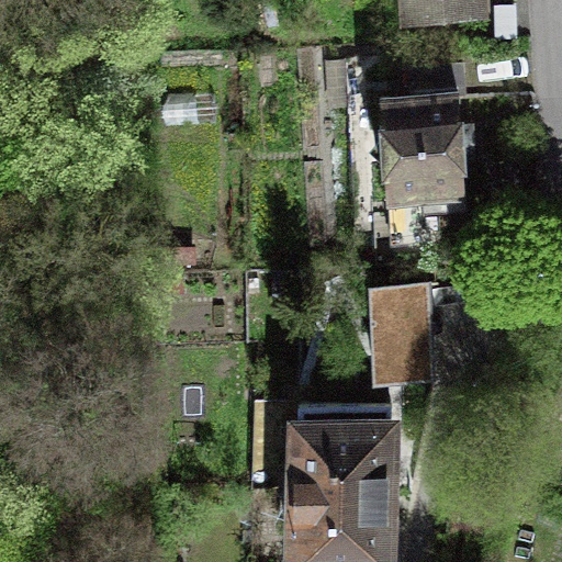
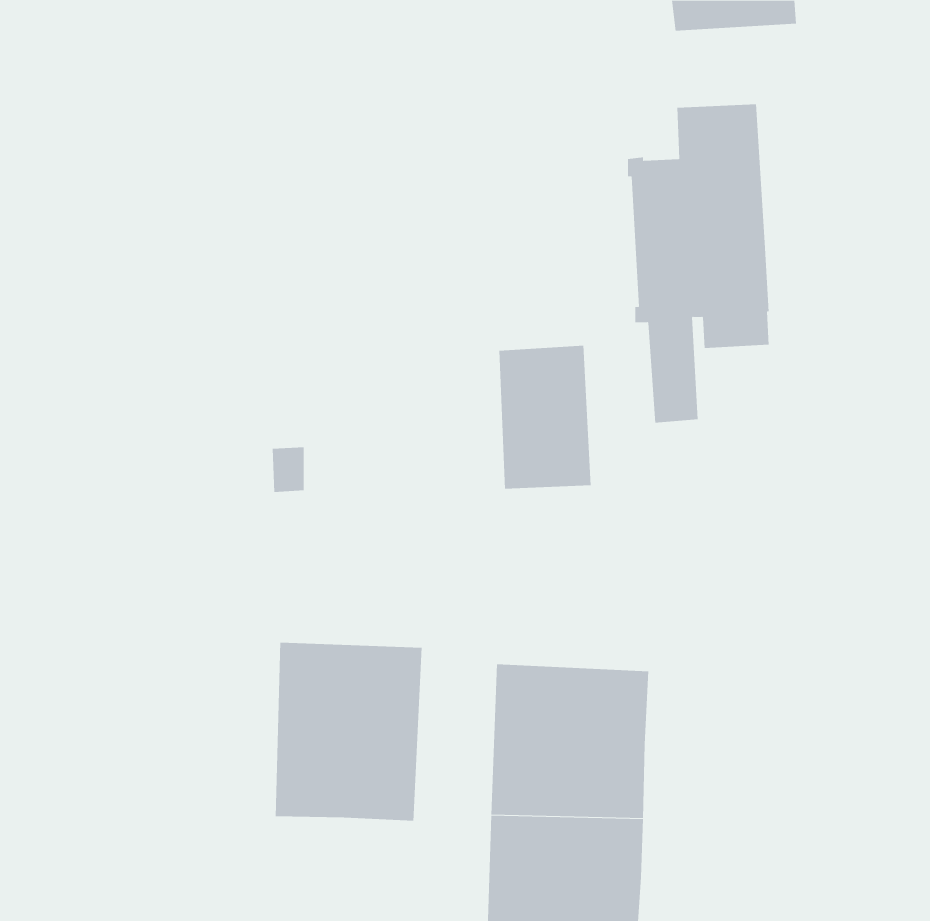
building: [381,283,437,370] -> [499,345,592,489]
building: none -> [275,642,422,822]

